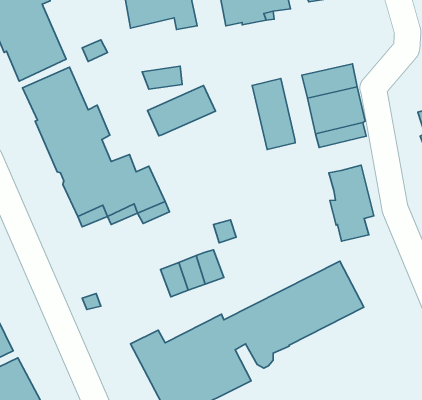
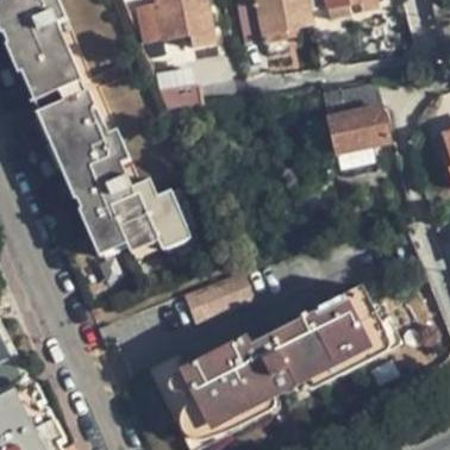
building: [252,78,295,149] -> none
building: [148,85,215,136] -> none
building: [329,165,374,241] -> none

